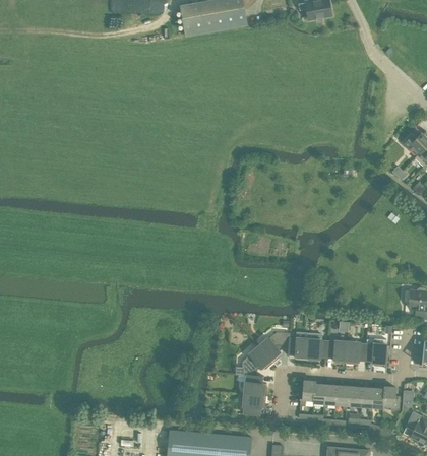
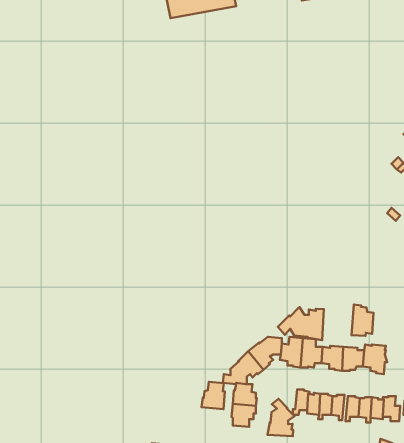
building: none -> [351,304,373,336]
building: none -> [278,307,324,340]
building: none -> [201,382,225,409]
building: none -> [268,399,294,436]

